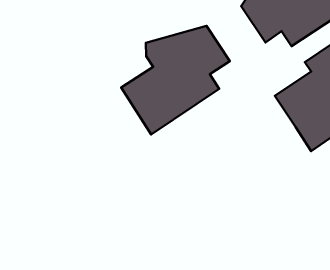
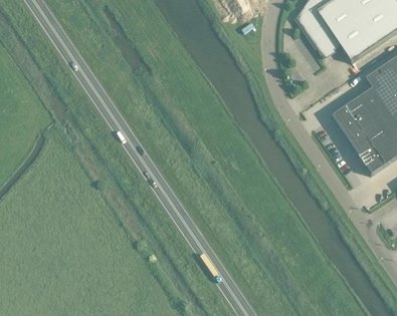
building: [121,26,230,134] -> none

